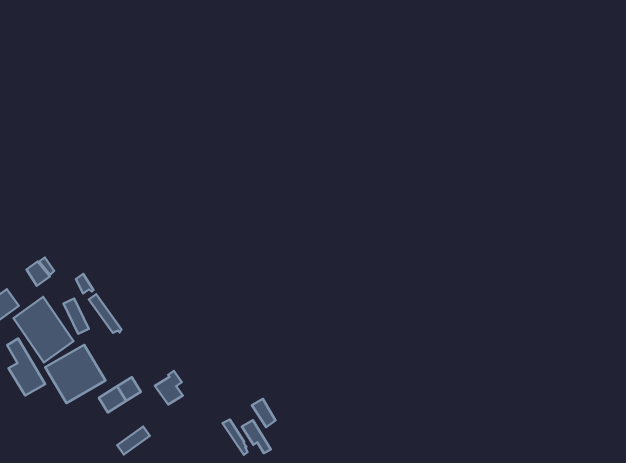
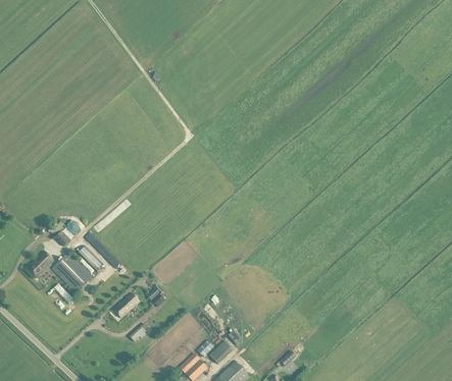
building: [45,345,106,403] -> none

